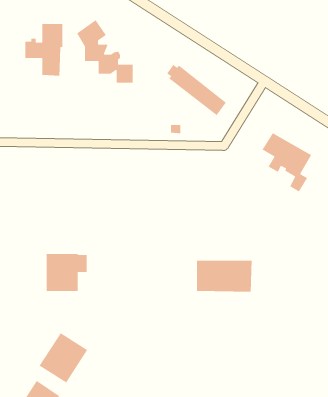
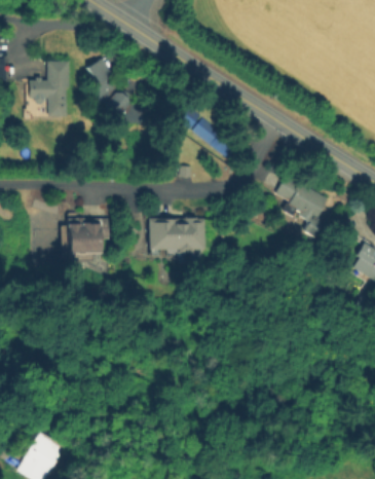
building: [46,253,88,292] -> [64,220,107,260]
building: [196,260,253,293] -> [146,220,204,254]
building: [39,332,88,383] -> none

